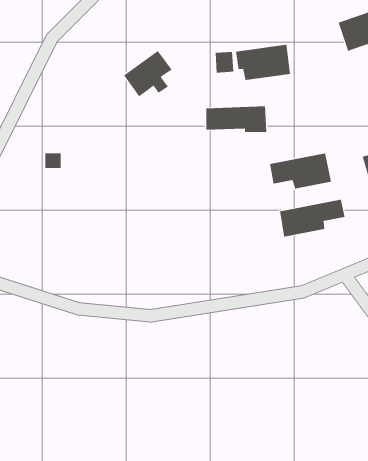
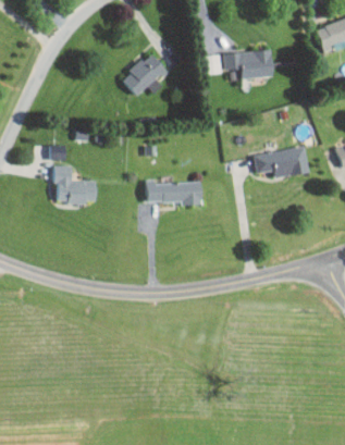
building: [206,106,267,132] -> [146,181,201,205]
building: none -> [53,164,96,202]
building: [279,199,345,237] -> none

